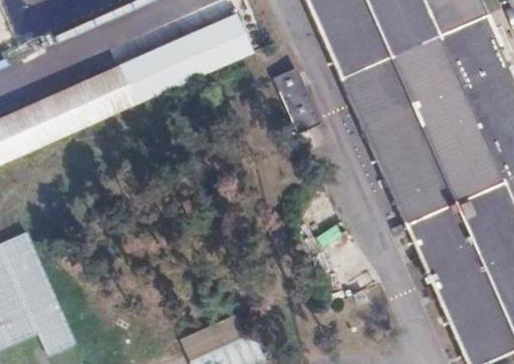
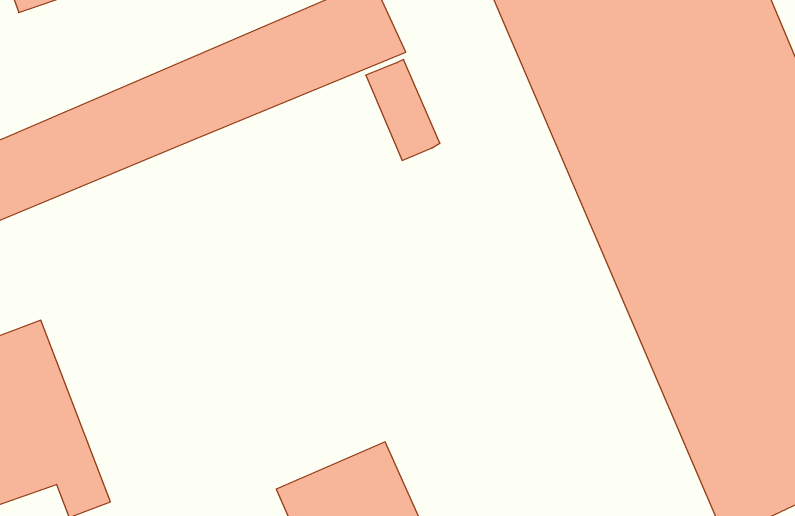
building: [277,64,324,128] -> [366,59,440,160]

